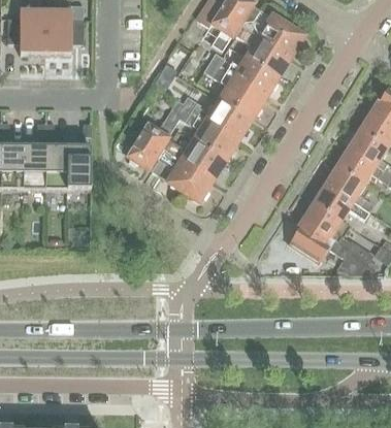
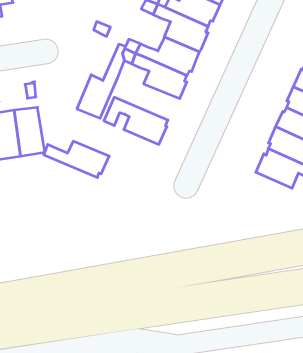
building: [165,137,227,176] -> [44,141,109,178]

